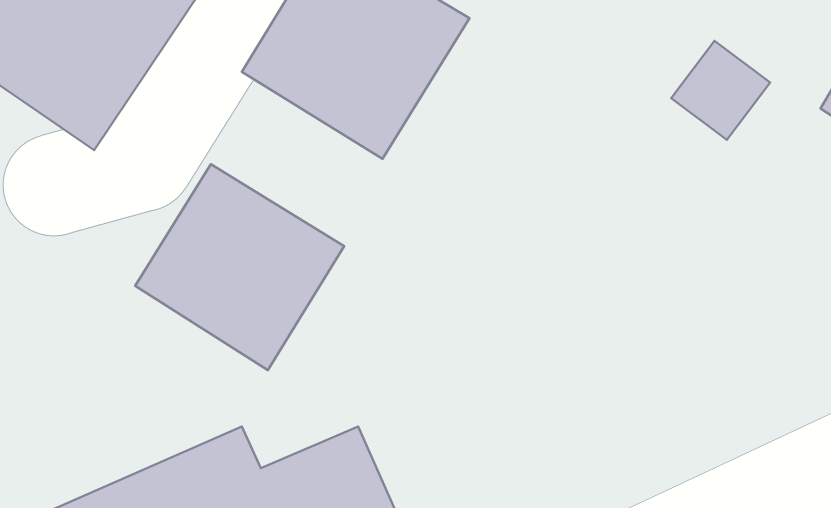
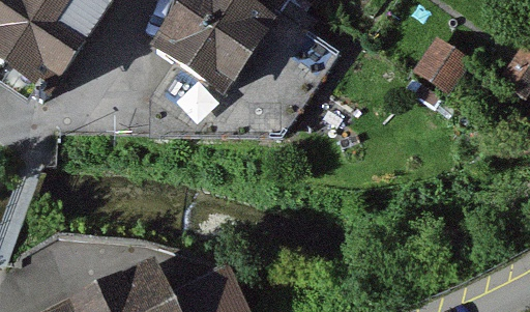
building: [135,164,344,370] -> none

